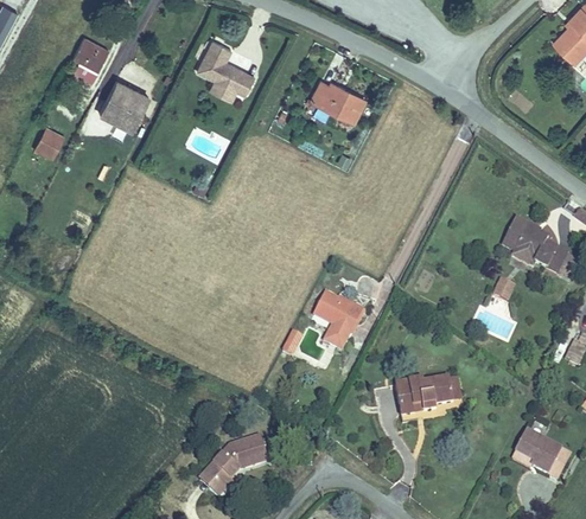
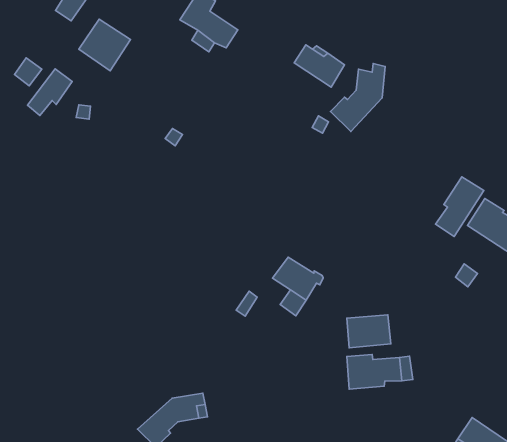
building: none -> [330,63,385,132]
building: none -> [27,69,72,115]
building: none -> [435,177,484,236]
building: none -> [347,315,391,348]

